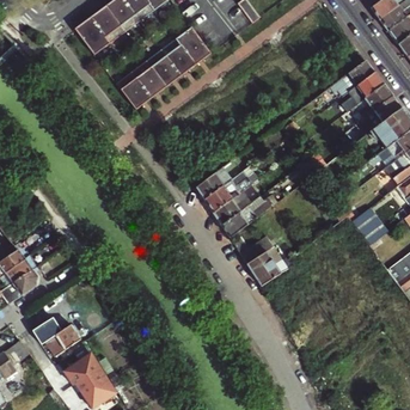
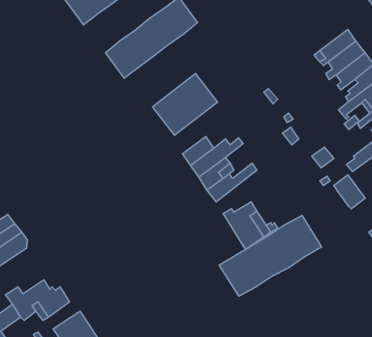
building: none -> [153,74,218,135]
building: none -> [219,216,322,296]

